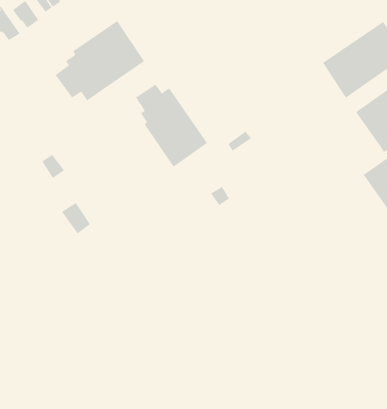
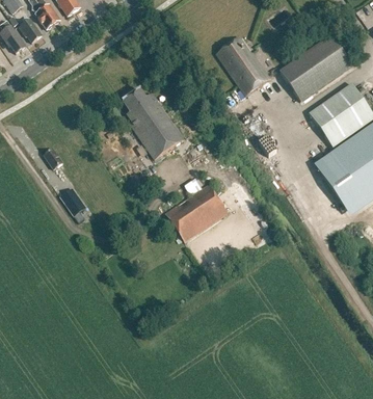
building: [55,20,145,101] -> none
building: none -> [217,36,270,96]
building: none -> [165,184,228,241]

